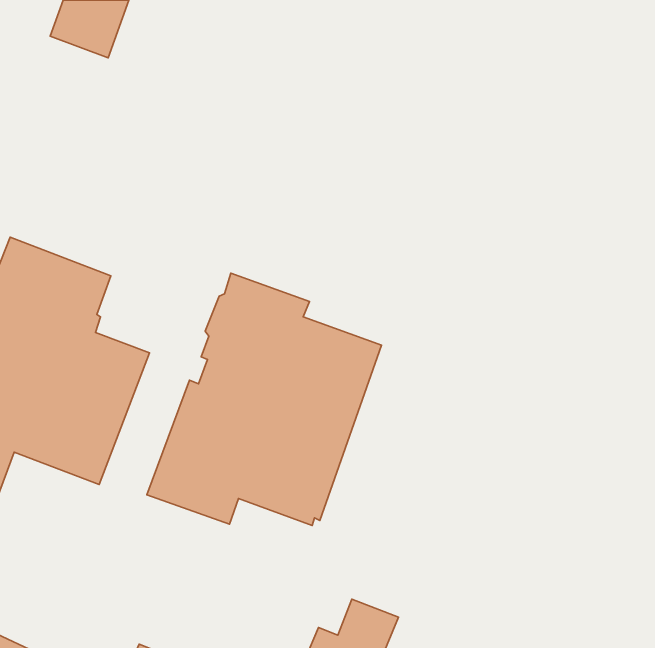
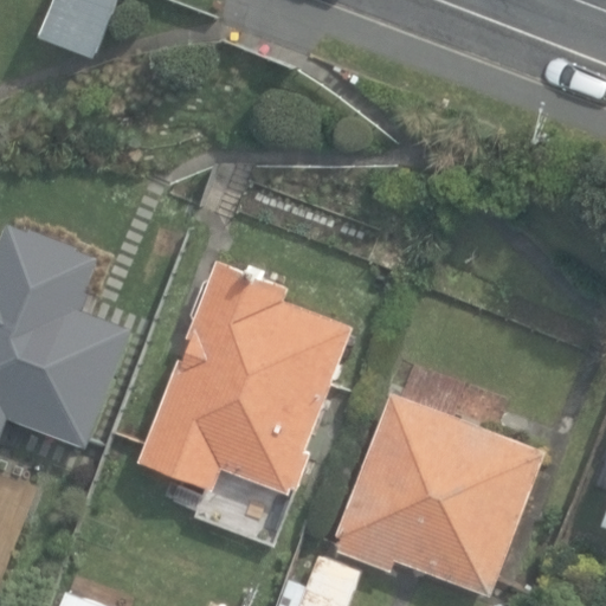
building: none -> [333,391,541,594]

